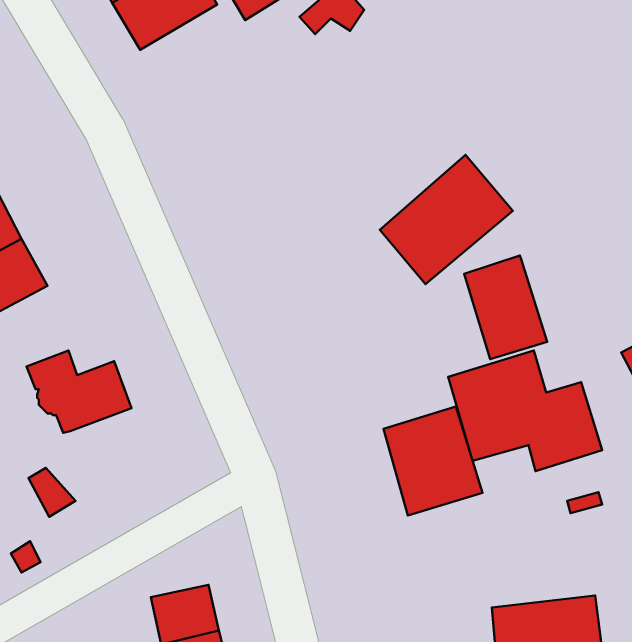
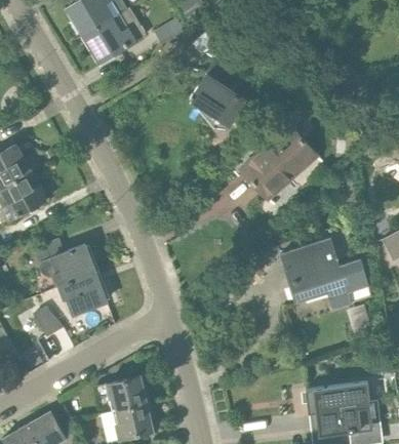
building: none -> [191,63,245,124]
building: [464,256,547,359] -> none
building: [384,406,482,516] -> none
building: none -> [59,273,107,315]

